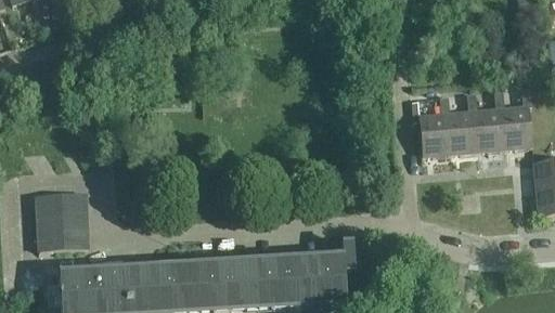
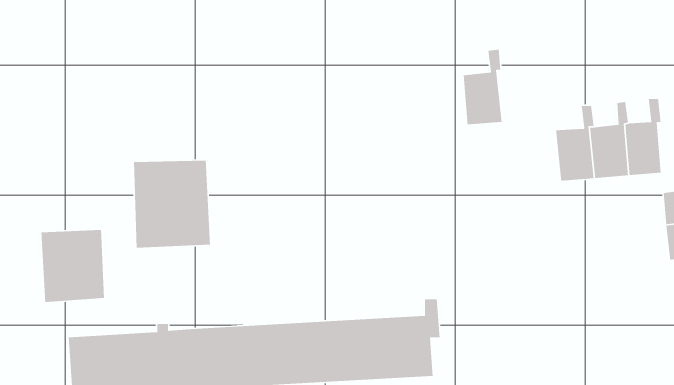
building: [417,91,449,152] -> [463,49,502,125]
building: none -> [133,160,211,248]

